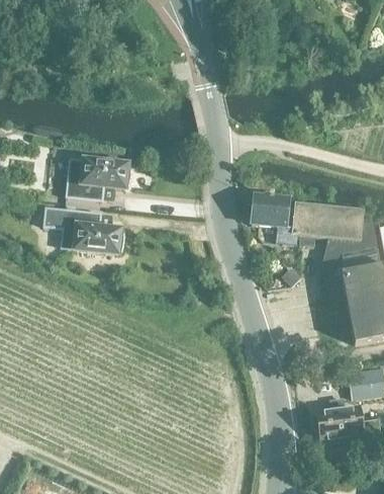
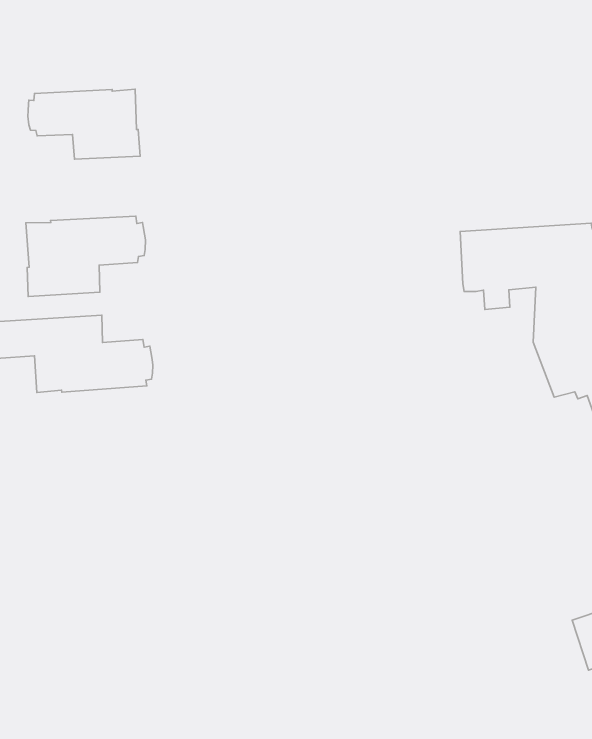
building: none -> [28,89,140,159]
building: [250,191,297,244] -> none

